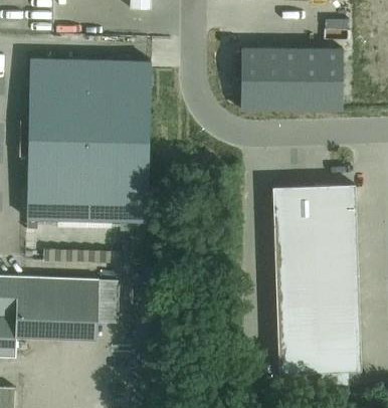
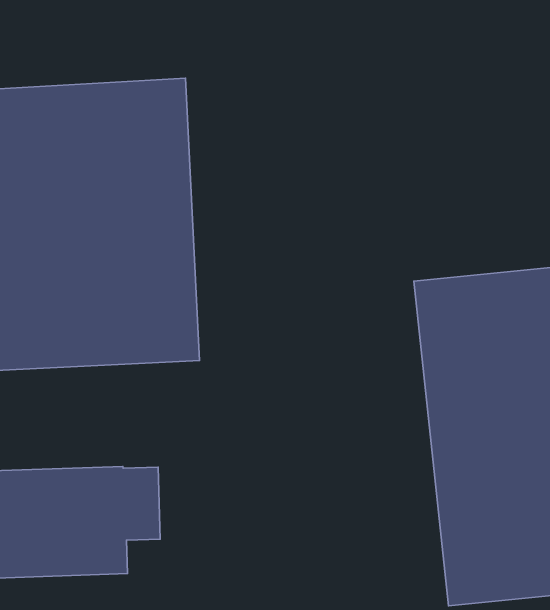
building: [240,48,343,110] -> none

